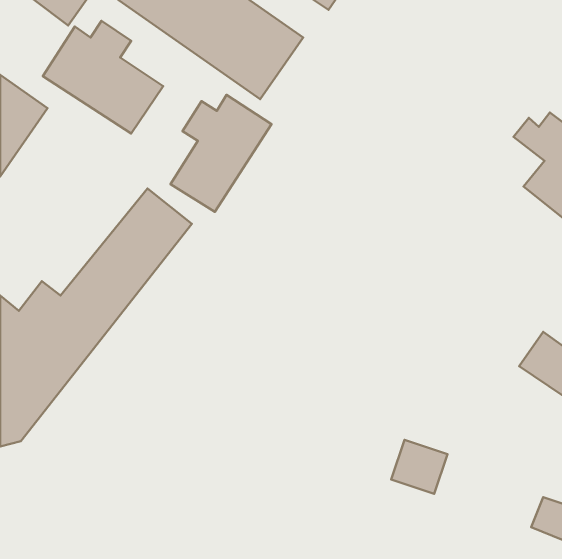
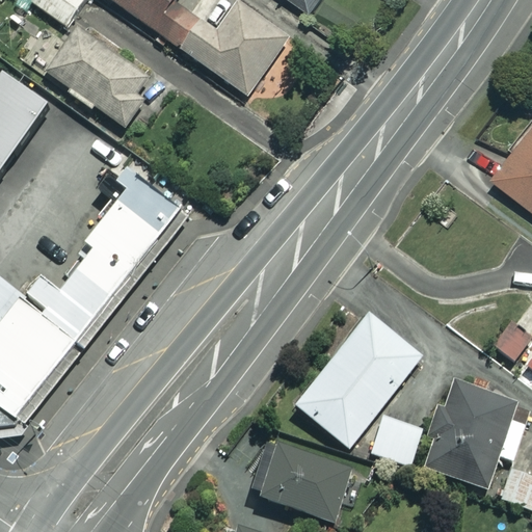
building: [170,95,272,212] -> none
building: none -> [295,313,420,447]
building: none -> [427,382,526,486]
building: none -> [257,443,350,522]

